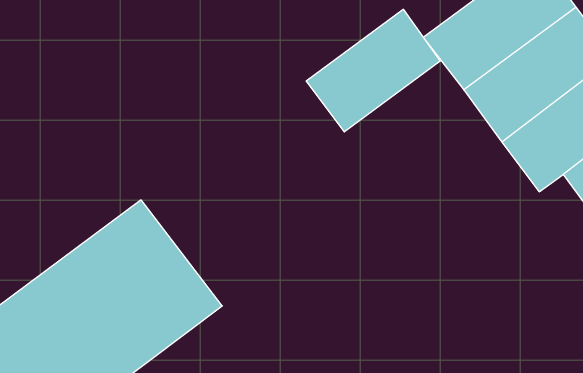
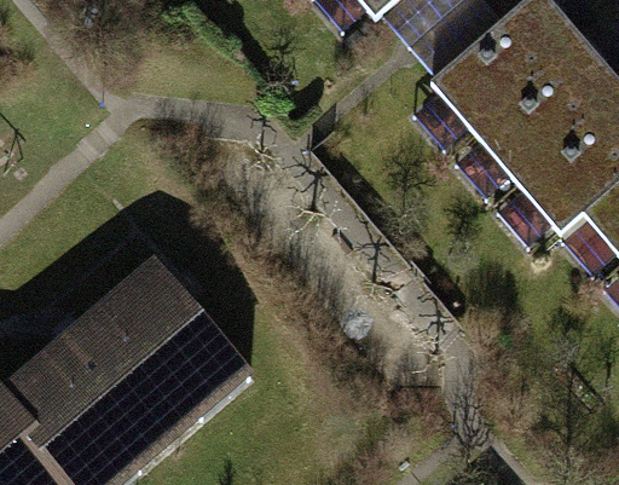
building: [306,9,440,132] -> none

